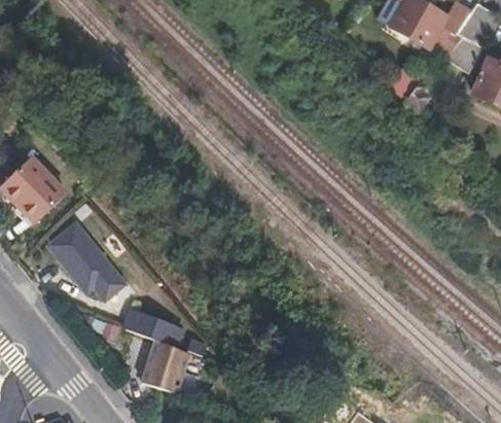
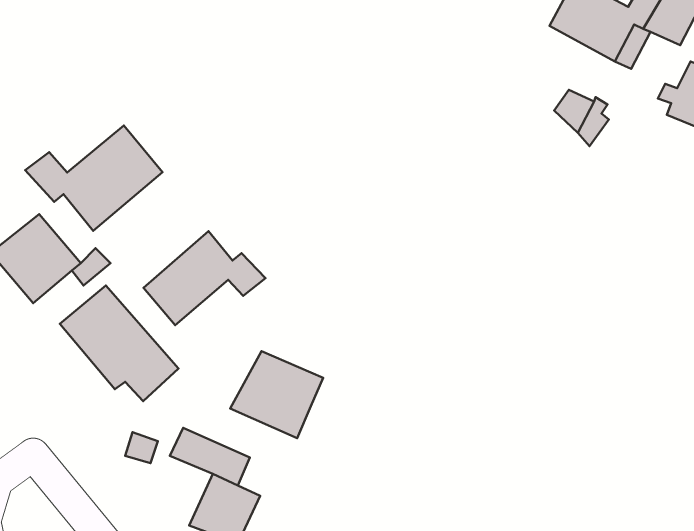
building: none -> [25,125,162,231]
building: none -> [144,231,265,325]
building: none -> [230,351,323,438]

